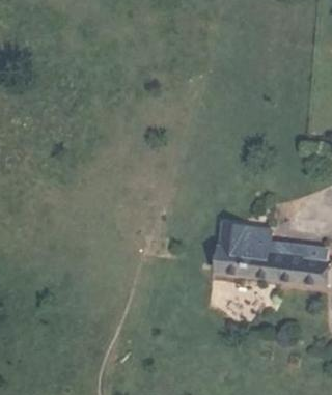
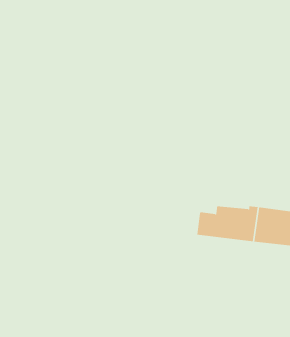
building: [221,226,272,251] -> none

